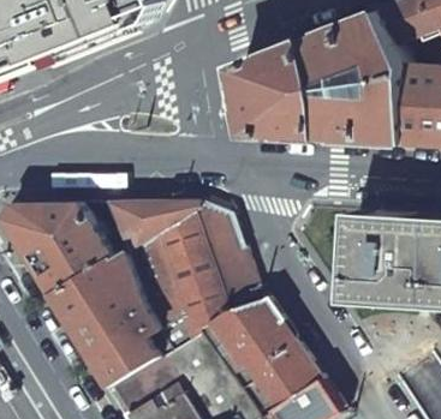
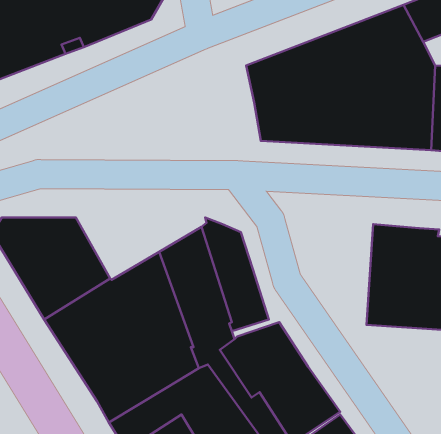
building: [105,200,196,250] -> none

